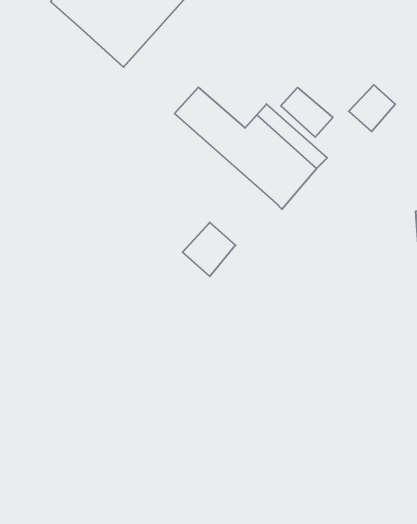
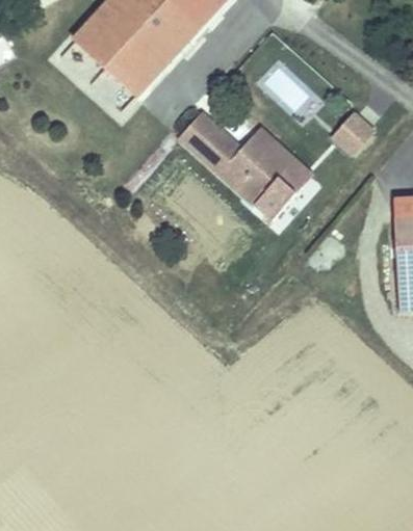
building: [281,88,333,137] -> none
building: [183,222,236,276] -> none

